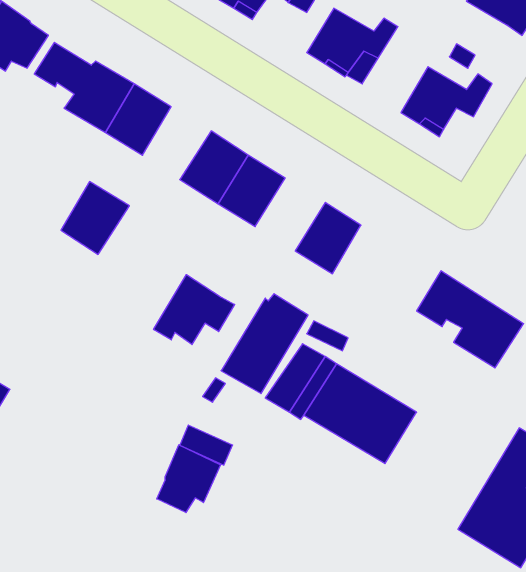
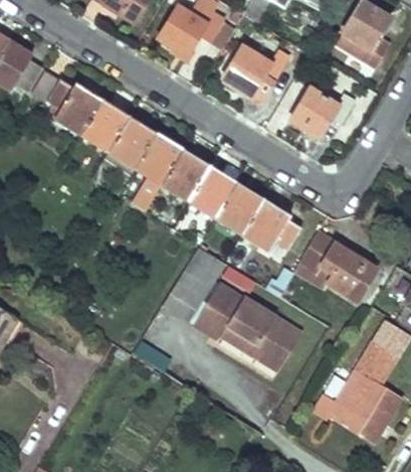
building: none -> [187,166,236,217]
building: [61,182,129,254] -> [108,116,156,167]
building: none -> [241,199,296,250]
building: [154,275,235,345] -> none
building: [157,445,220,513] -> none

